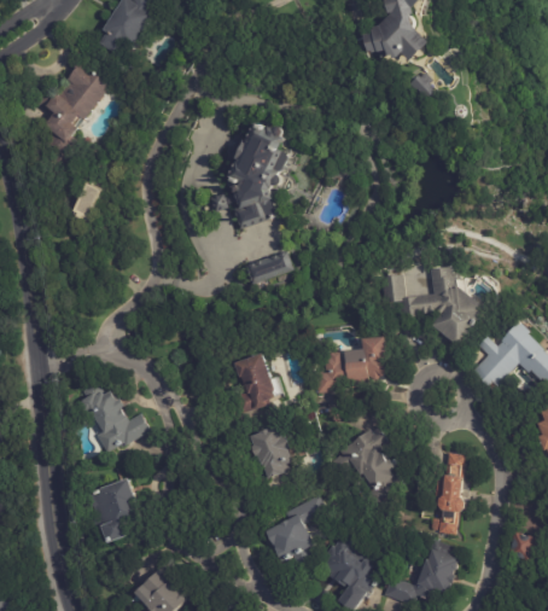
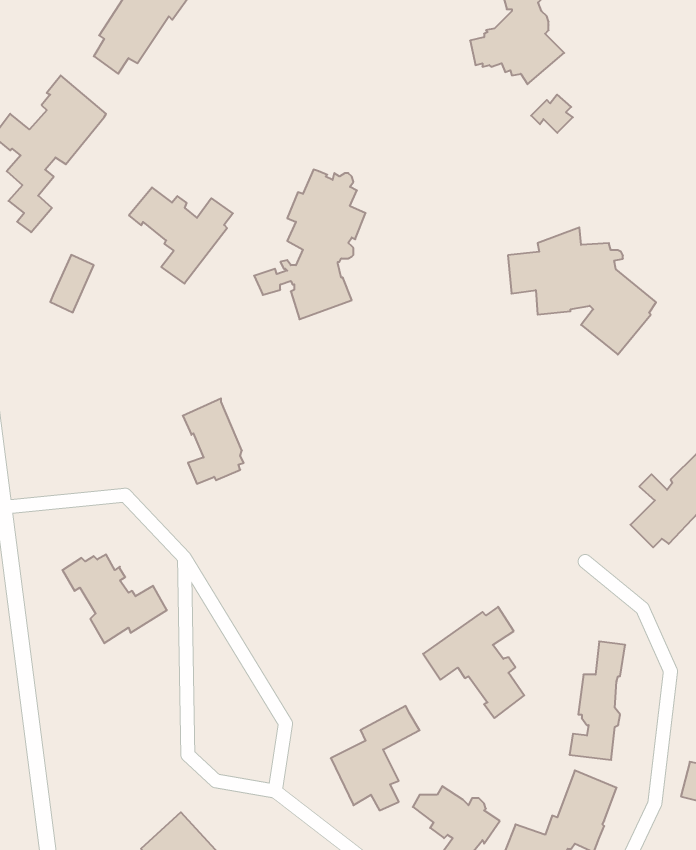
building: none -> [129,187,233,284]
building: [241,251,288,284] -> none
building: [380,256,483,344] -> [508,227,656,355]
building: [313,337,384,392] -> none
building: [233,353,275,412] -> [183,398,244,484]
building: [247,425,290,478] -> none
building: [91,477,140,543] -> none

